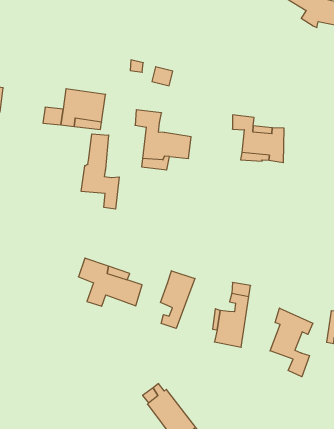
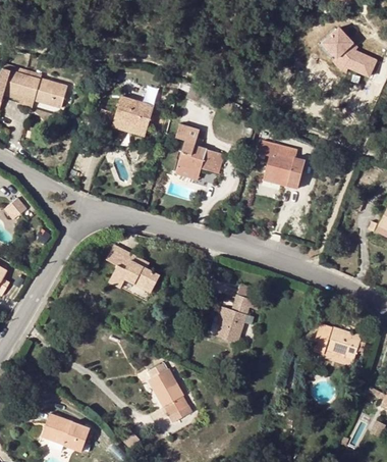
building: [81,134,119,209] -> none
building: [161,271,195,328] -> none
building: [270,308,313,377] -> none

